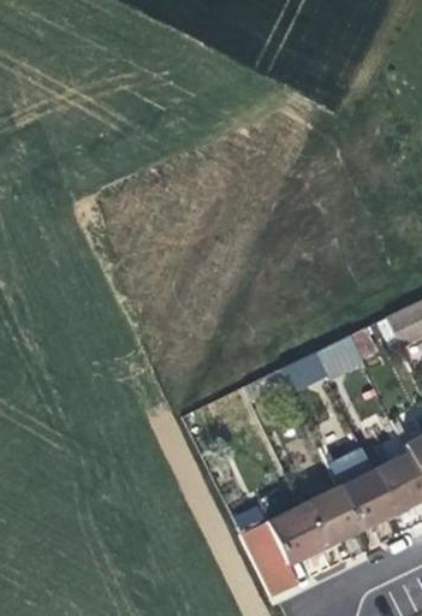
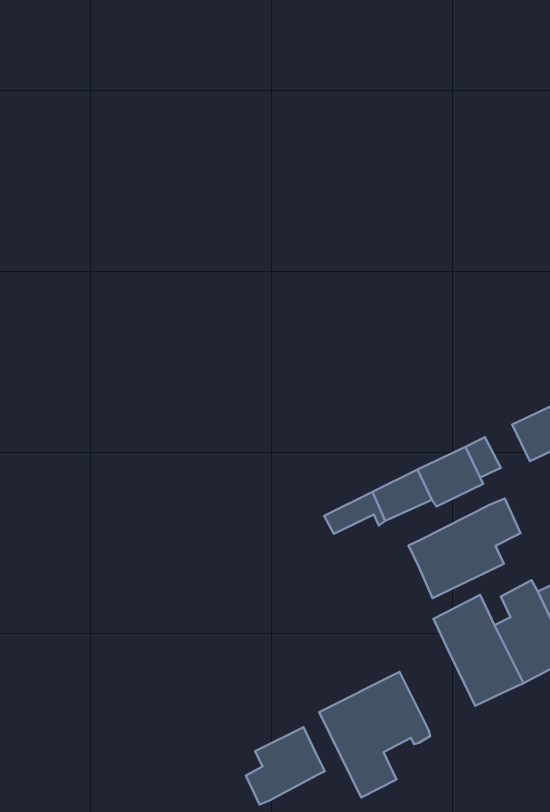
building: none -> [408,498,520,598]
building: [303,486,359,546] -> none
building: none -> [246,727,325,805]

